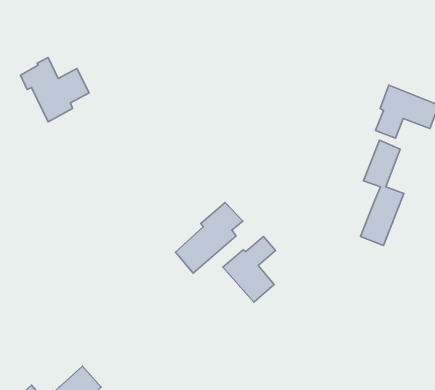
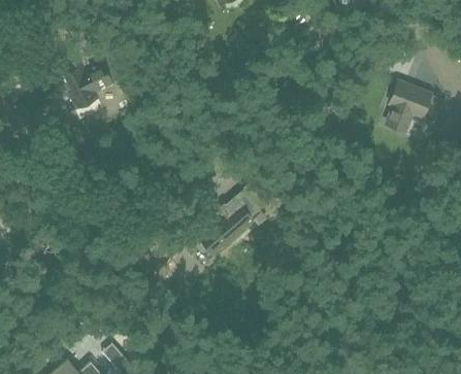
building: [360,140,404,246] -> none
building: [223,236,276,302] -> none

